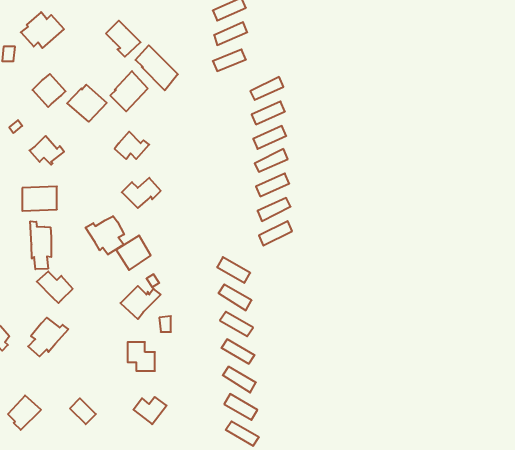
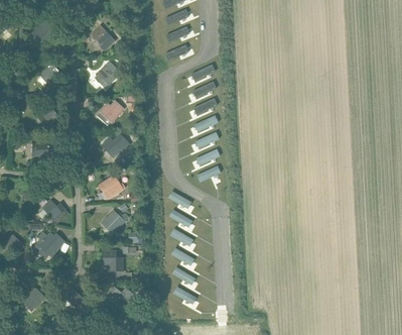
building: [135,45,178,90] -> none
building: [67,85,107,122] -> none
building: [86,216,124,255] -> none
building: [30,221,51,269] -> none

